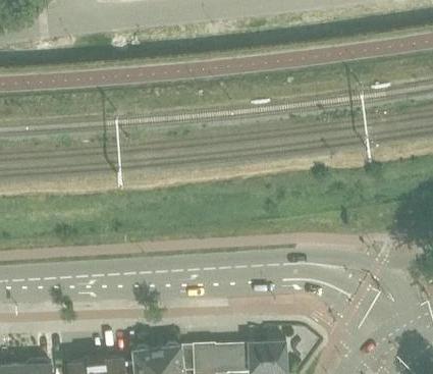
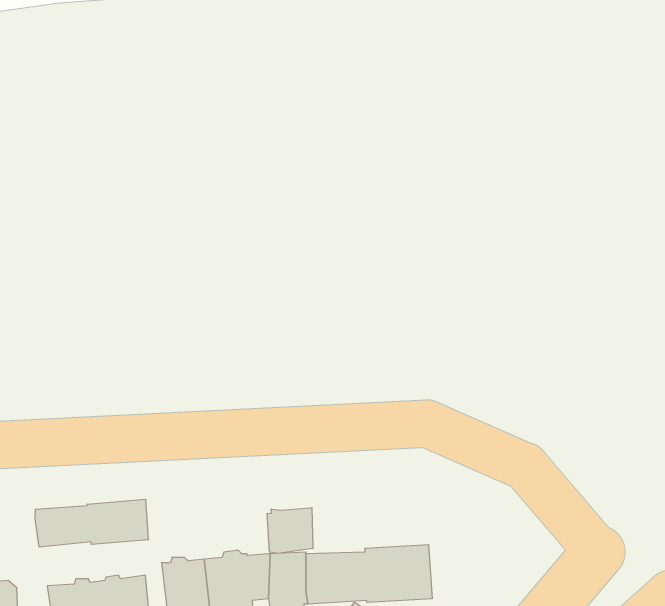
building: none -> [35,499,148,547]
building: none -> [267,508,313,553]

